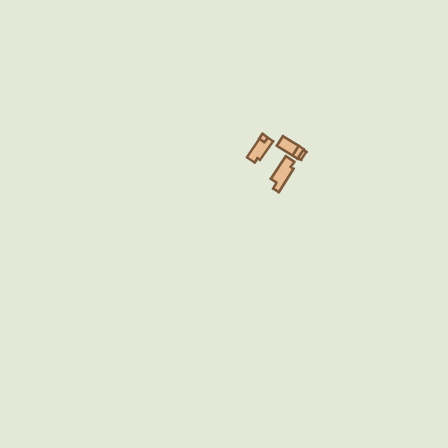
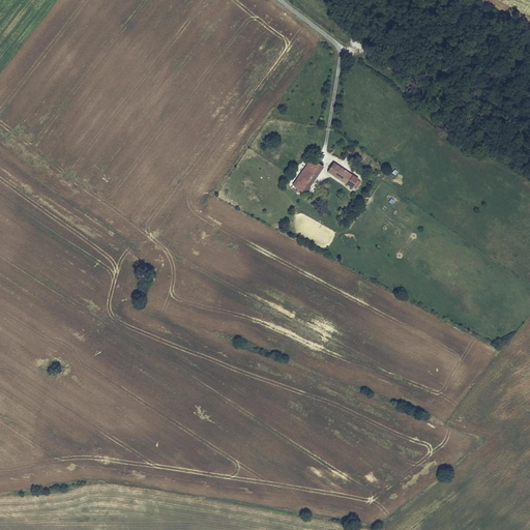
building: [271,156,294,192] -> none

